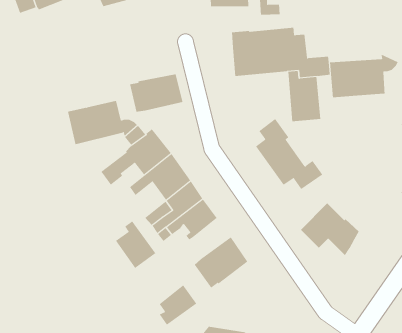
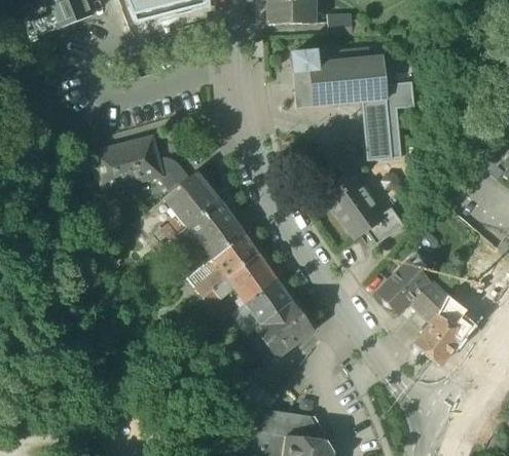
building: [330,54,398,98] -> none
building: [130,73,183,112] -> none
building: [115,221,156,269] -> none
building: none -> [416,304,465,366]
building: [159,285,197,326] -> [248,278,294,328]

